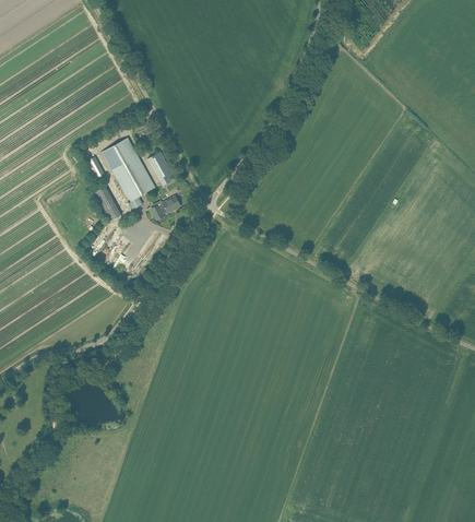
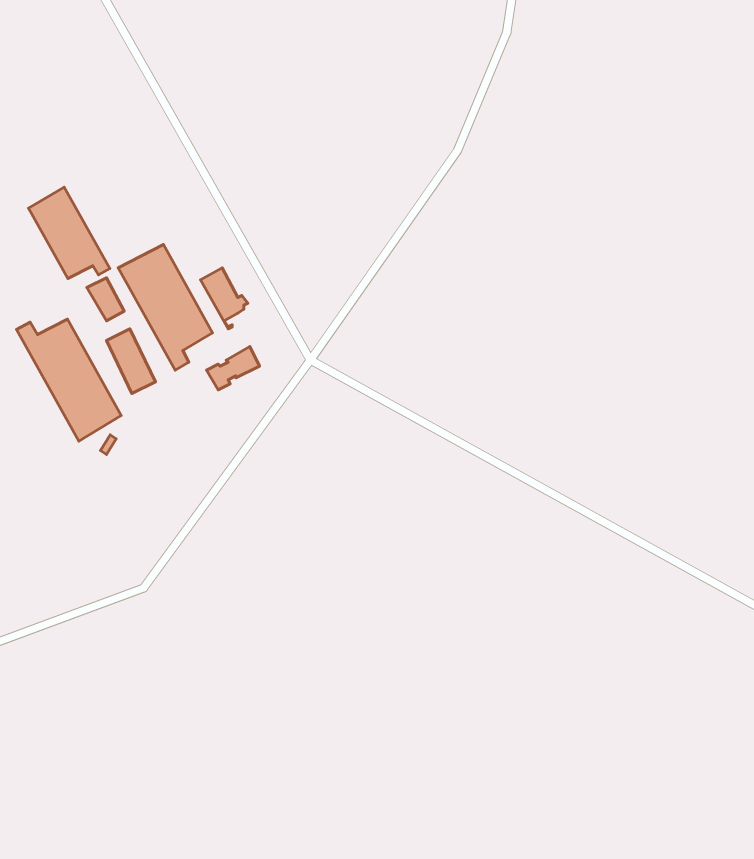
building: none -> [29,187,110,279]
building: none -> [17,319,121,441]

